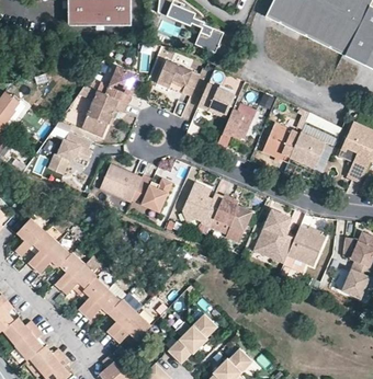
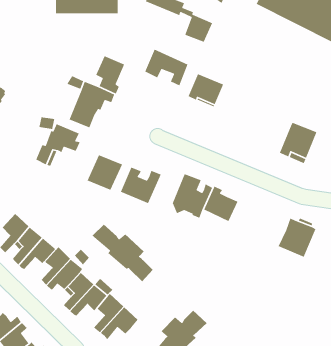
building: [222,107,255,138] -> none
building: [263,122,301,161] -> none
building: [255,207,295,262] -> none
building: none -> [91,224,153,282]

